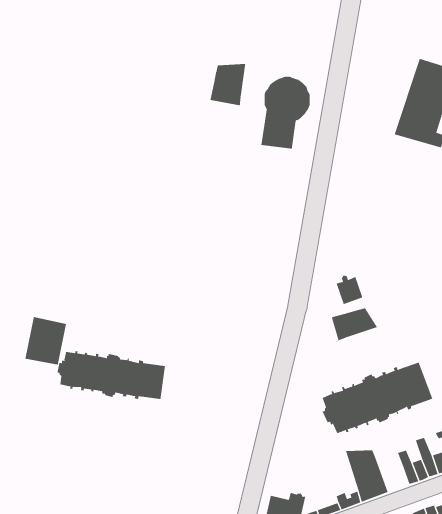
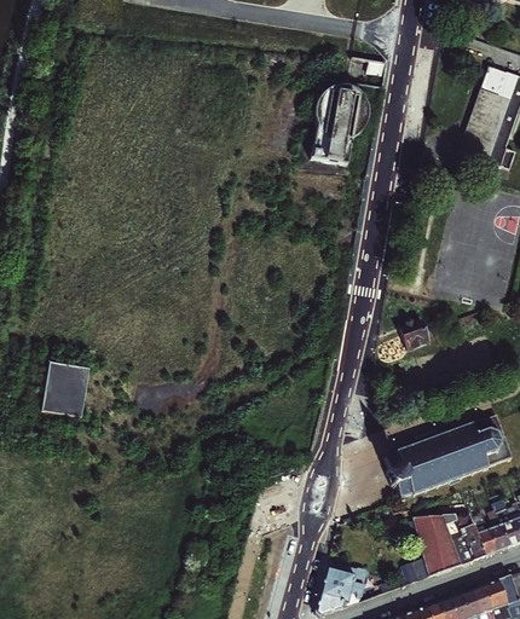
building: [210,63,246,106] -> none
building: [331,308,378,341] -> none
building: [57,351,165,400] -> none
building: none -> [439,513,480,563]

